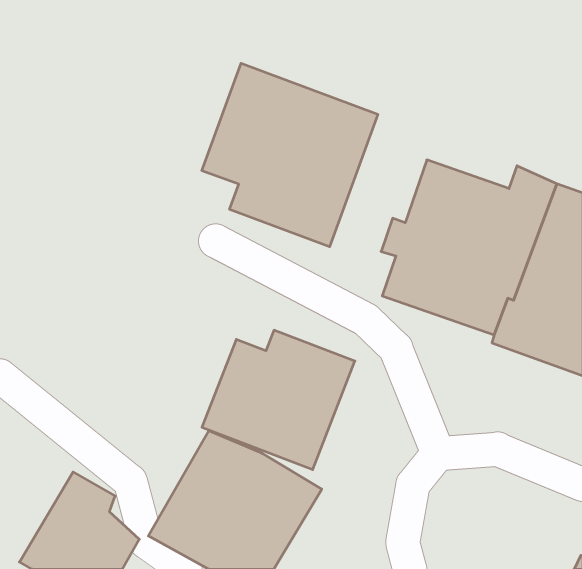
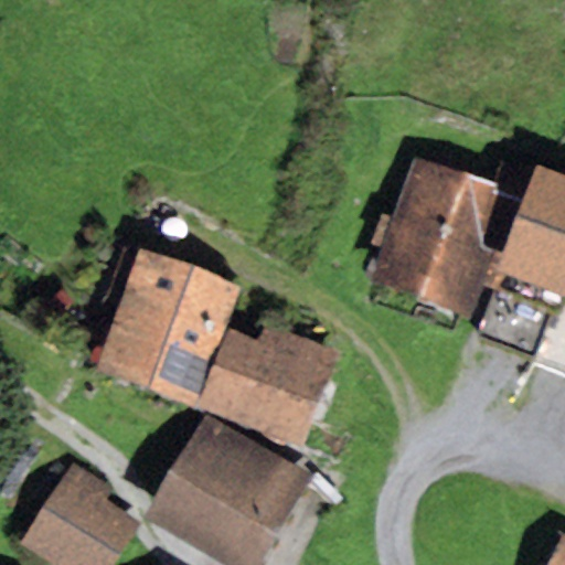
building: [202,63,378,247] -> none
building: none -> [94,254,243,417]

